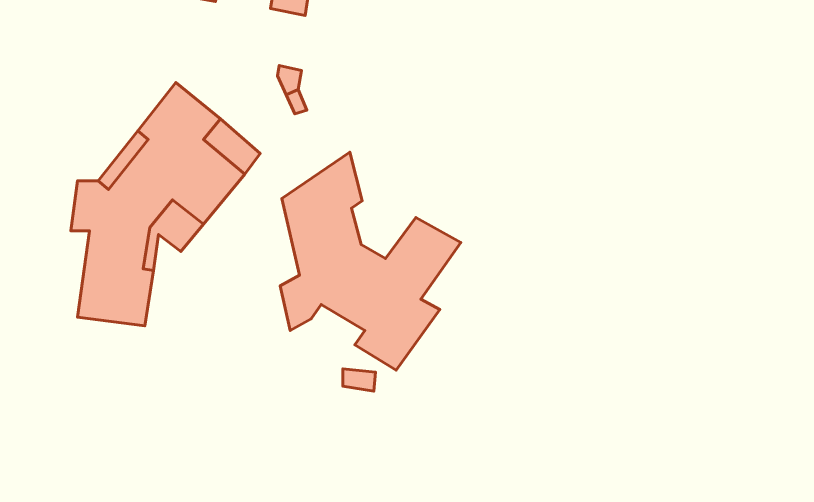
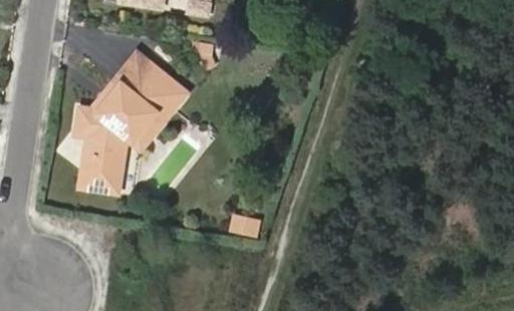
building: [280,152,461,370] -> none

